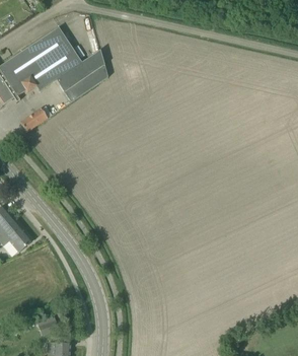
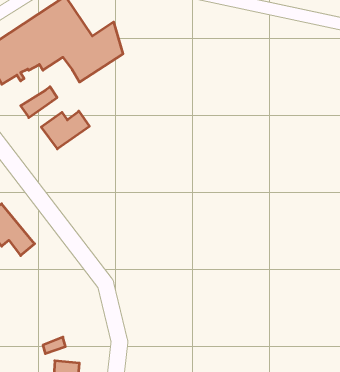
building: none -> [41,111,89,149]

